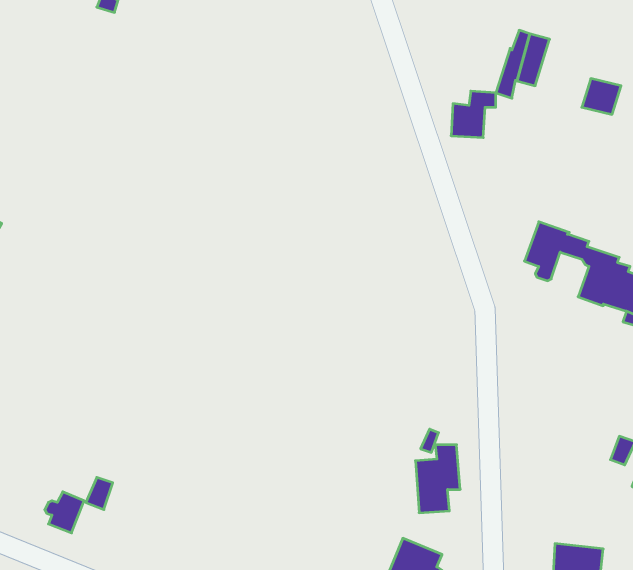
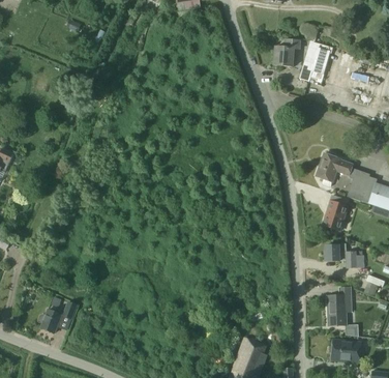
building: [451,91,496,138] -> [273,38,299,65]
building: none -> [322,200,345,229]
building: none -> [324,242,363,267]
building: [415,445,460,513] -> [326,286,352,325]

